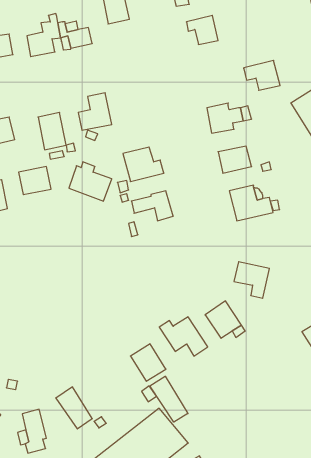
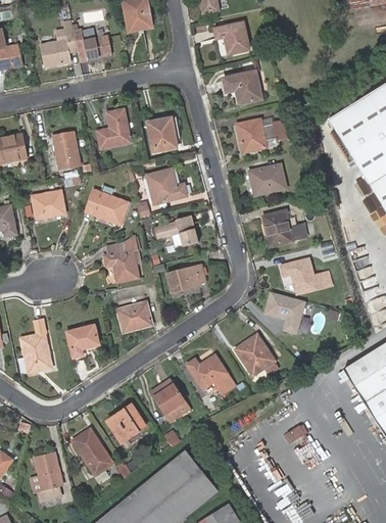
building: [244,60,280,90] -> [223,70,262,103]
building: none -> [146,114,180,153]
building: none -> [103,233,143,283]
building: none -> [281,256,334,295]
building: none -> [166,263,207,292]
building: none -> [116,299,155,333]
building: none -> [20,320,51,374]
building: none -> [65,322,102,360]
building: none -> [107,407,145,442]
building: [150,376,188,422] -> none

